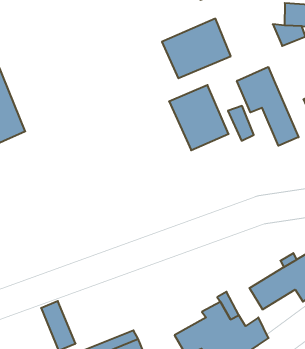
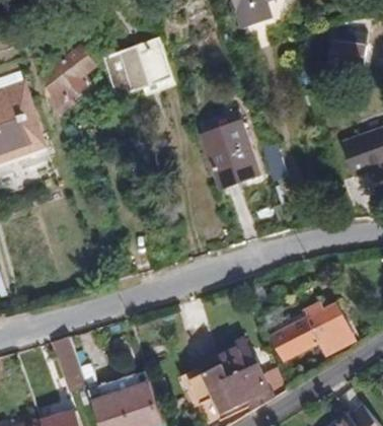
building: [162,19,231,78] -> [101,35,172,95]
building: none -> [42,44,96,109]
building: [237,67,299,146] -> none

